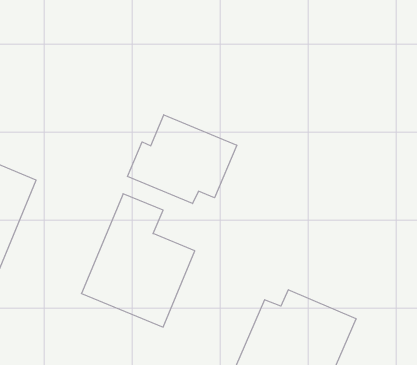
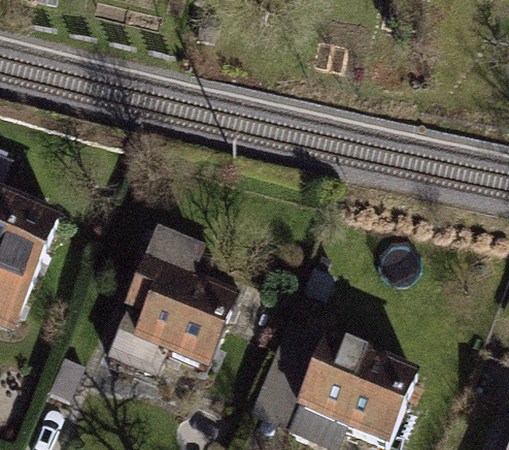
building: [128,115,237,204] -> none

